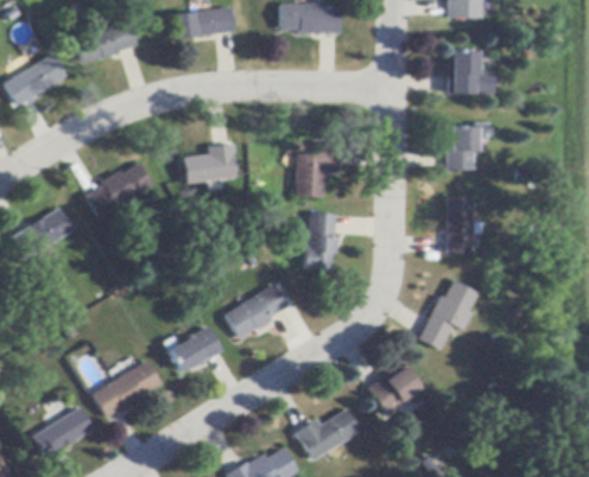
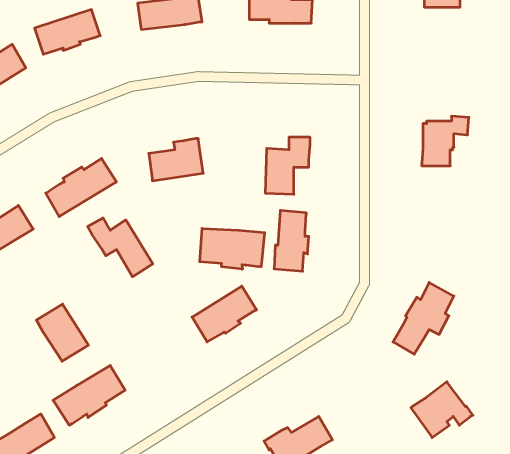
building: [448,50,494,94] -> none
building: [448,197,474,253] -> none
building: none -> [88,218,153,277]
building: none -> [200,228,265,269]
building: none -> [36,304,88,361]
building: [170,325,224,370] -> none
building: [368,362,428,415] -> [411,382,473,438]

